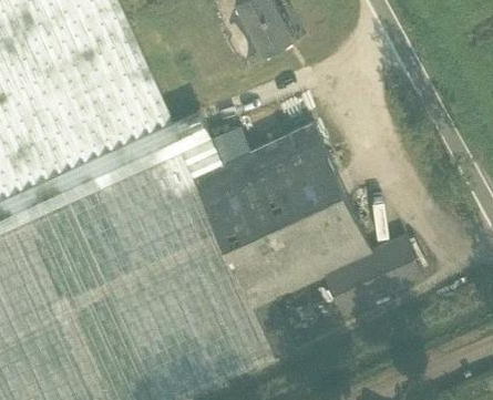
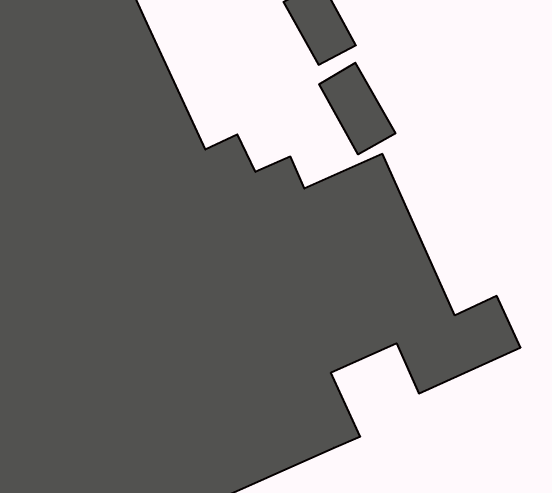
building: none -> [319,63,395,154]

